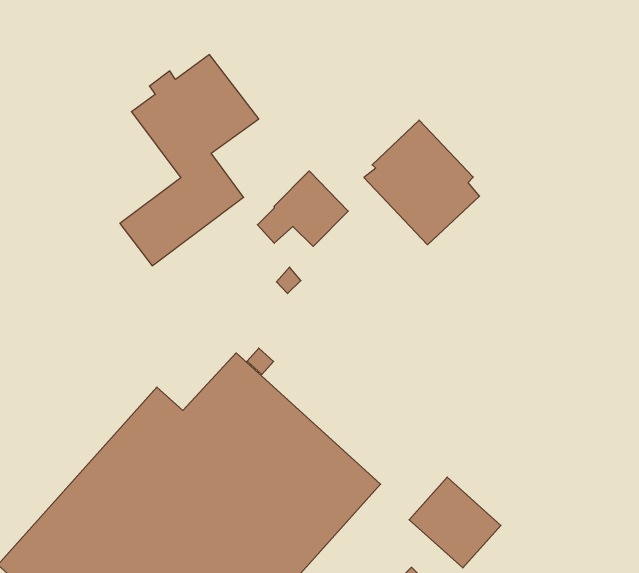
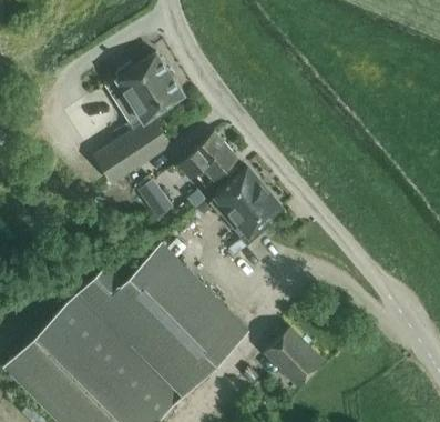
building: [364,120,480,245] -> [209,168,282,247]
building: none -> [137,179,173,218]

